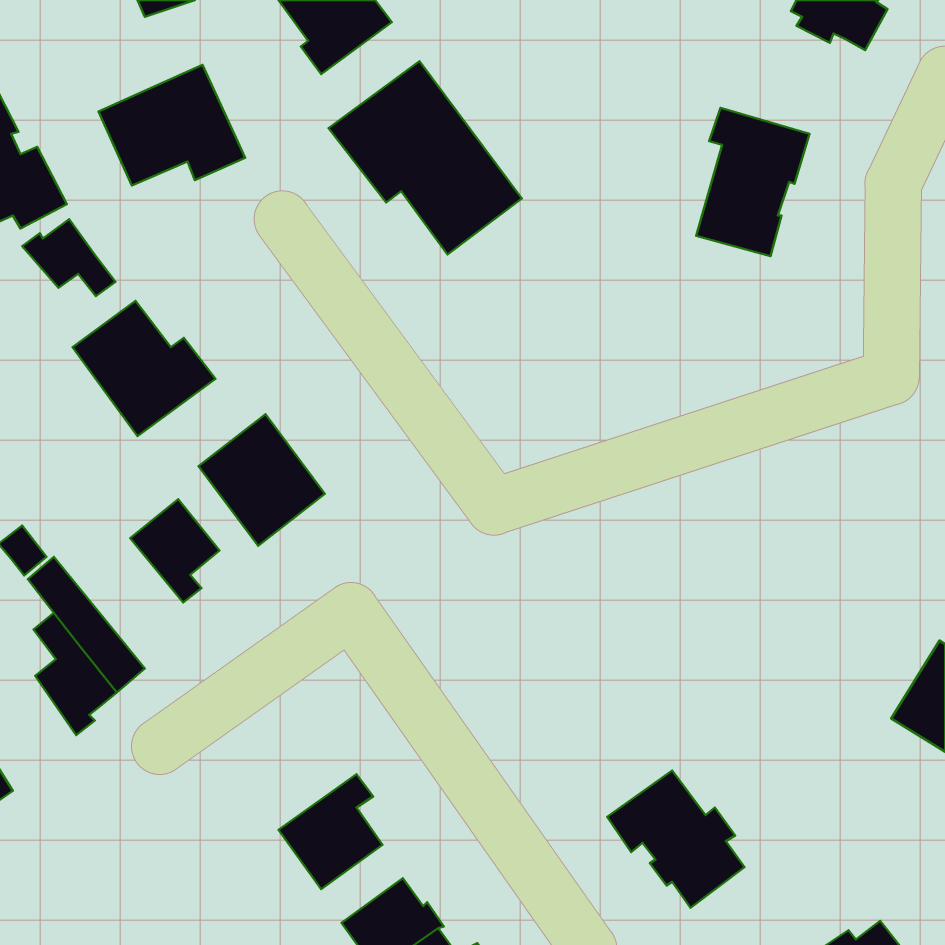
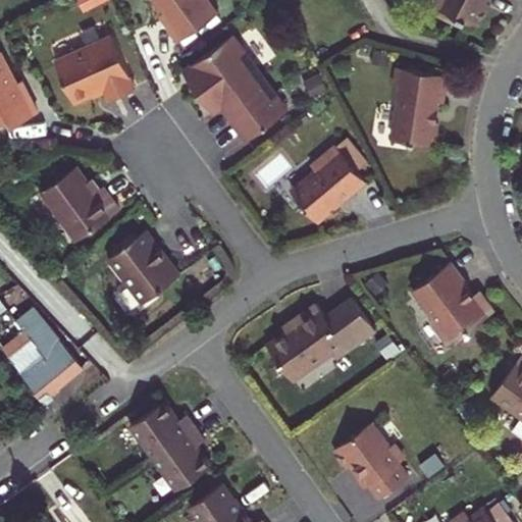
building: [22,219,115,296] -> none
building: none -> [290,146,364,222]
building: none -> [412,261,493,346]
building: [130,499,219,603] -> none
building: none -> [267,298,375,381]
building: none -> [129,401,196,458]

